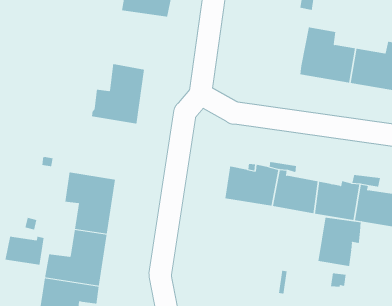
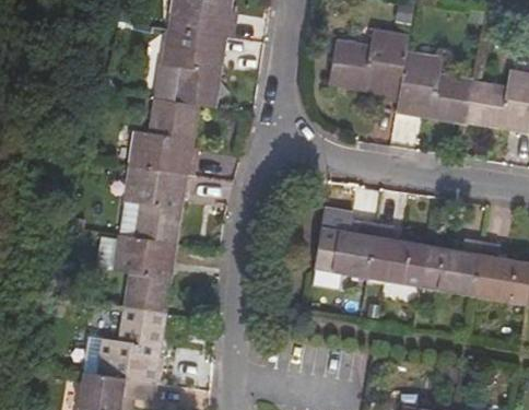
building: none -> [162,27,233,106]
building: none -> [336,34,413,98]
building: none -> [106,163,193,244]
building: [318,217,361,267] -> none
building: [5,236,44,265] -> none

